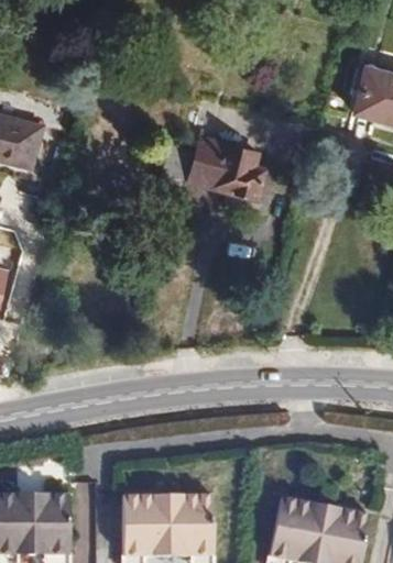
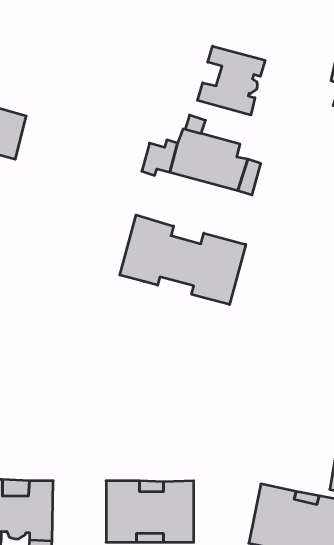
building: none -> [197,46,265,115]
building: none -> [120,215,246,305]

